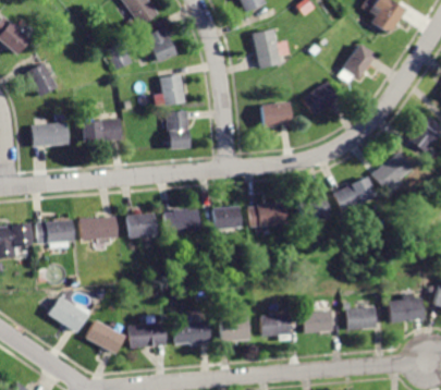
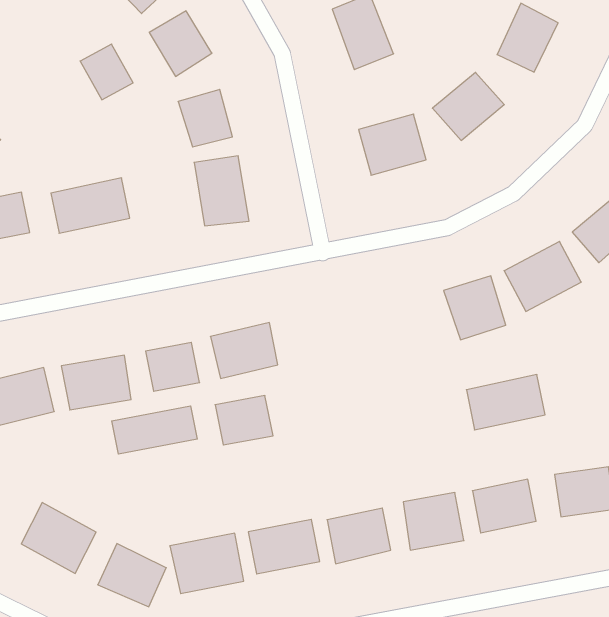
building: [246,200,289,228] -> [466,375,545,430]
building: [209,205,240,230] -> [215,396,273,445]
building: none -> [112,406,197,454]

